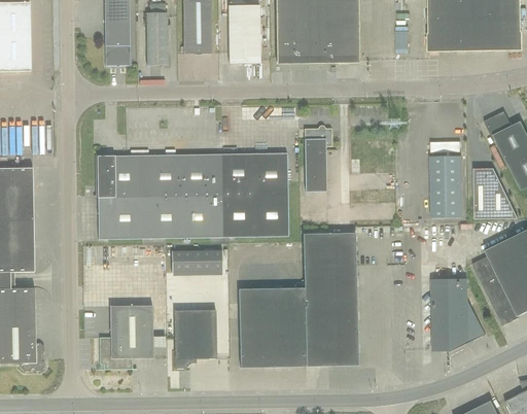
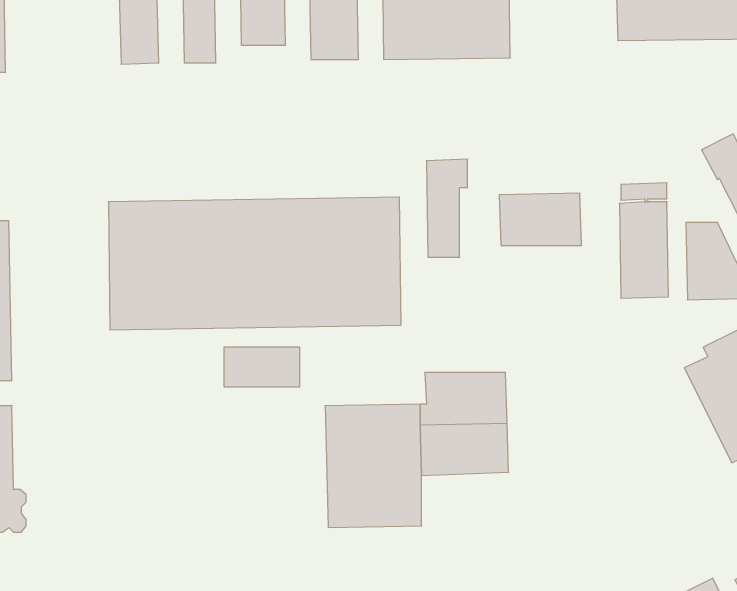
building: [303,232,356,266] -> [499,193,582,245]
building: [427,279,484,350] -> none
building: [100,304,153,368] -> none
building: [174,309,217,367] -> none
building: [302,331,359,366] -> none

